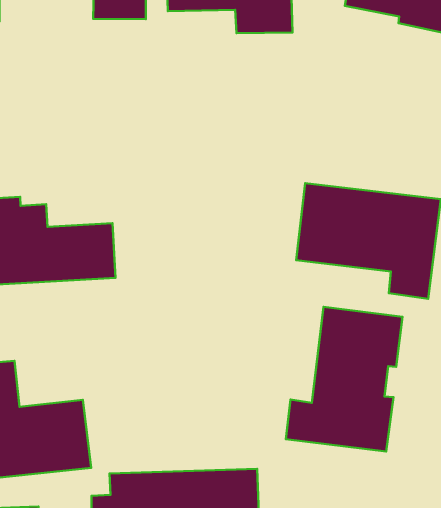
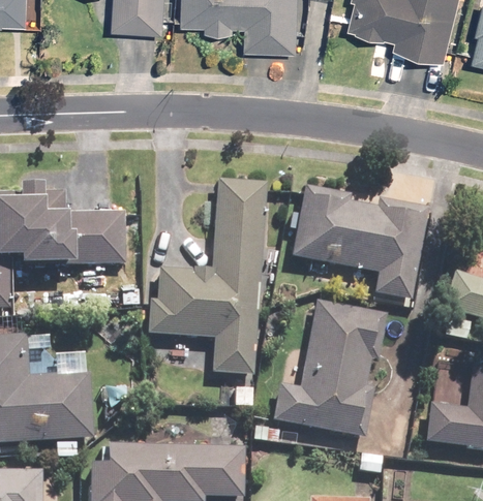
building: none -> [150,180,264,375]

